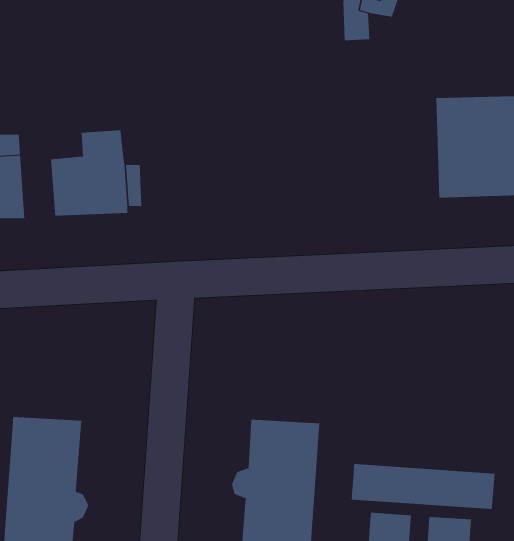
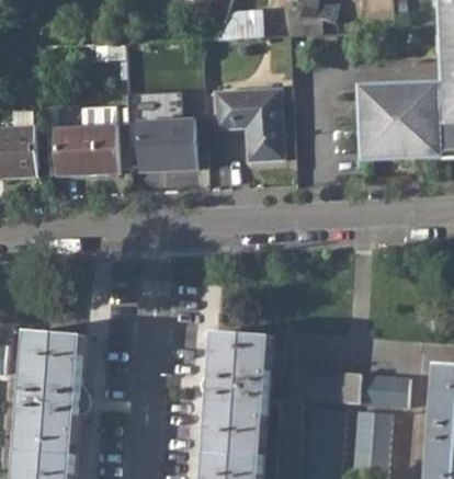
building: none -> [225,10,260,37]
building: none -> [211,92,281,162]
building: none -> [136,119,192,171]

